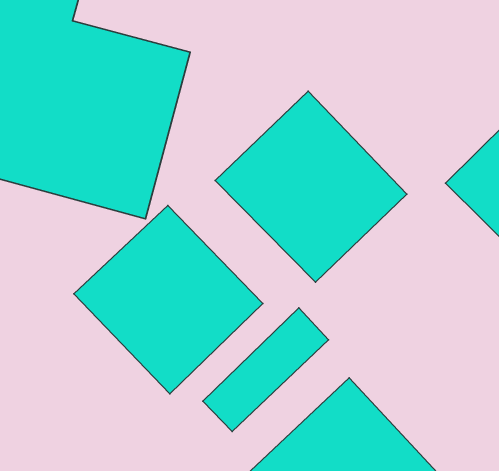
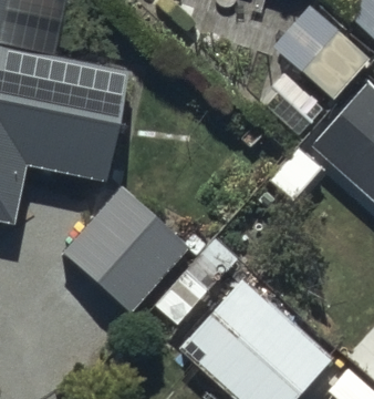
building: [215,91,407,282] -> none

